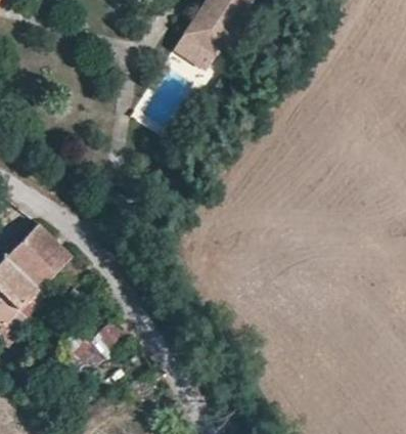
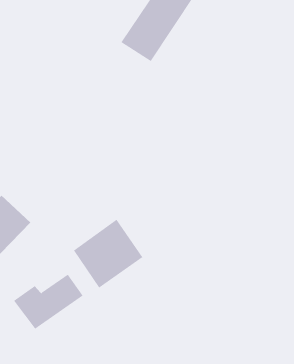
building: none -> [73,219,143,288]

